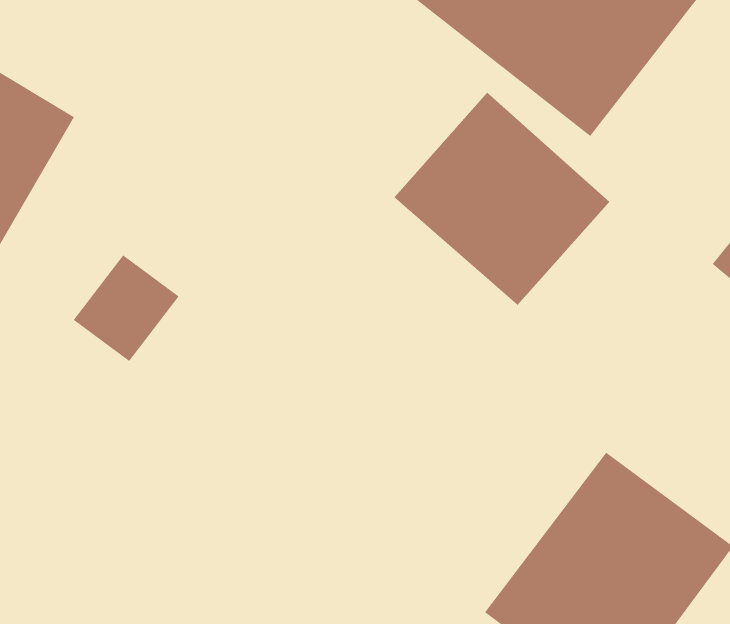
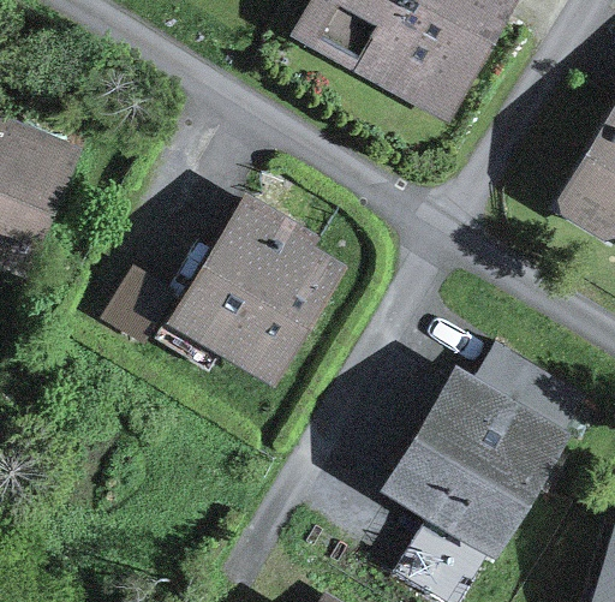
building: [393,92,610,306] -> none
building: none -> [167,203,345,387]

